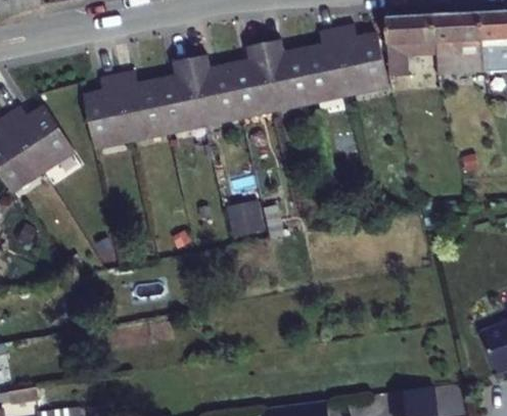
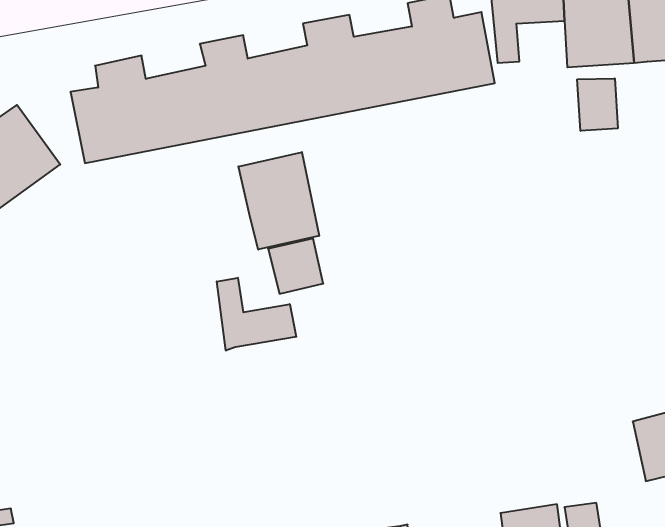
building: none -> [577,78,618,131]
building: none -> [238,152,319,250]
building: none -> [217,278,296,351]

